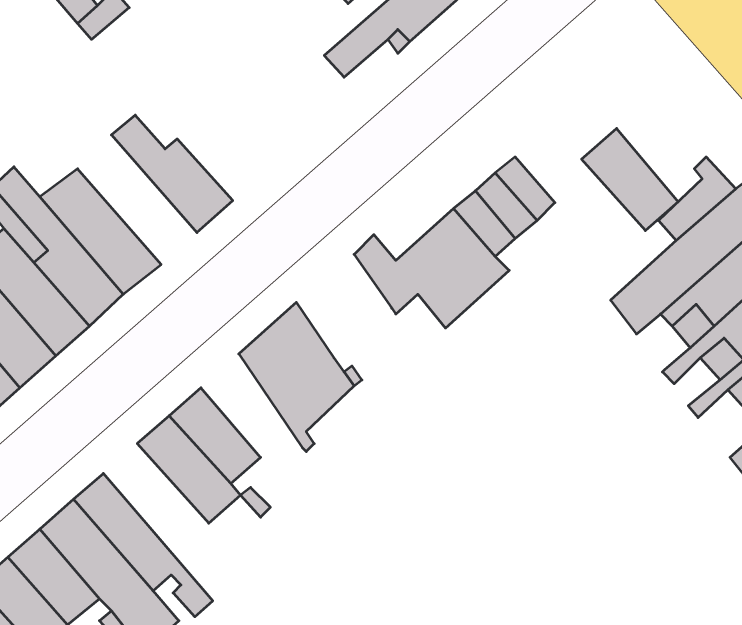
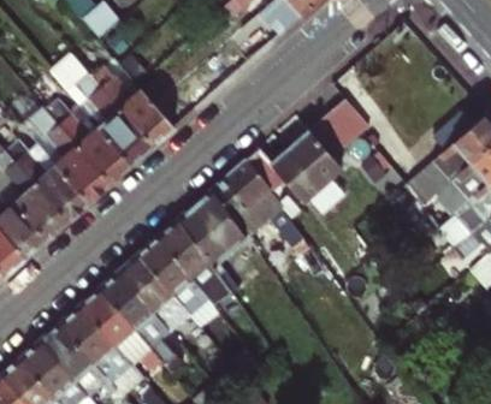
building: none -> [52,53,154,165]
building: [582,128,678,231] -> none
building: none -> [214,159,272,221]
building: none -> [156,219,218,291]
building: none -> [97,273,182,376]

